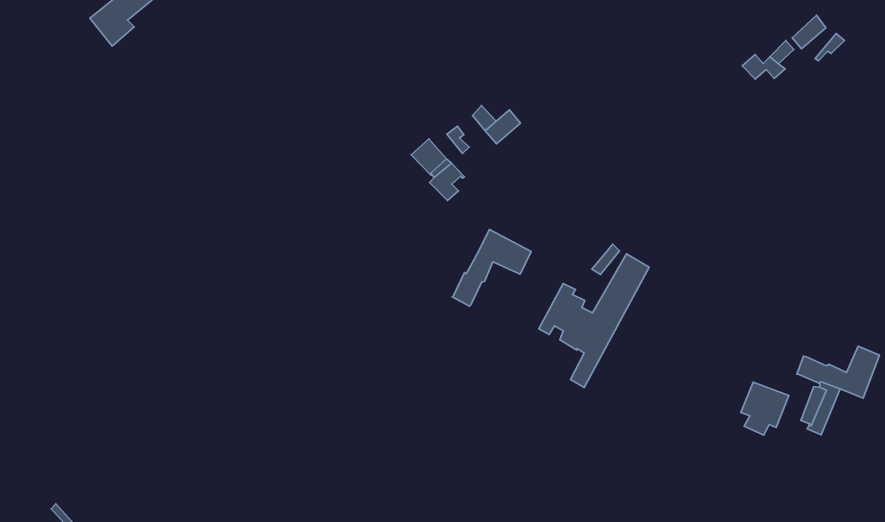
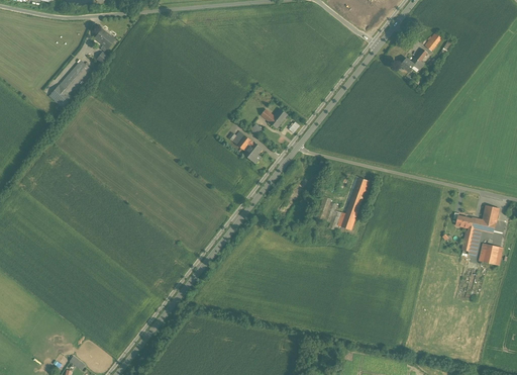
building: [452,230,531,306] -> none
building: [741,382,789,435] -> [479,243,503,270]

